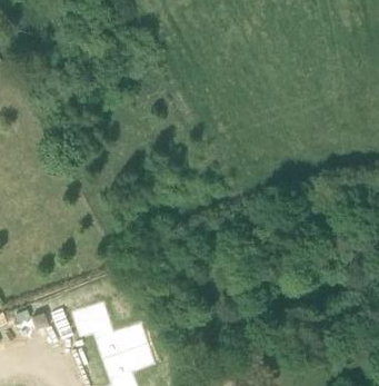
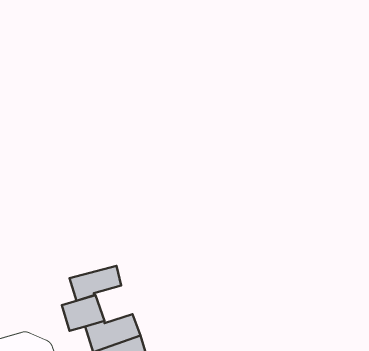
building: none -> [70,266,121,301]

